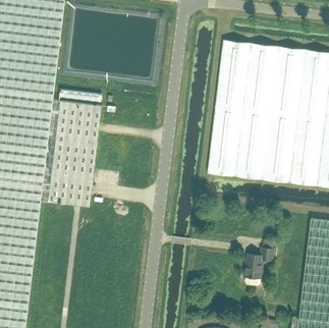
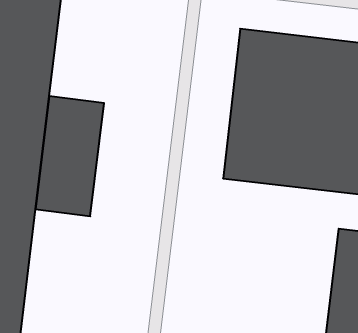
building: [244,247,274,285] -> none

